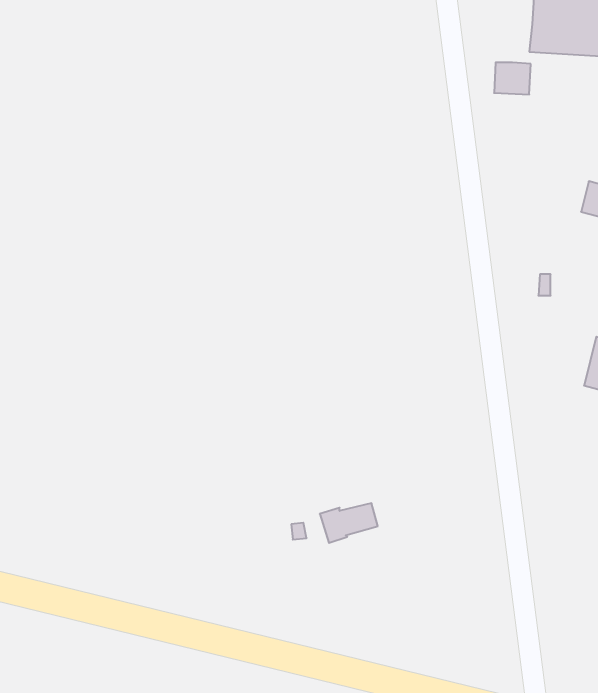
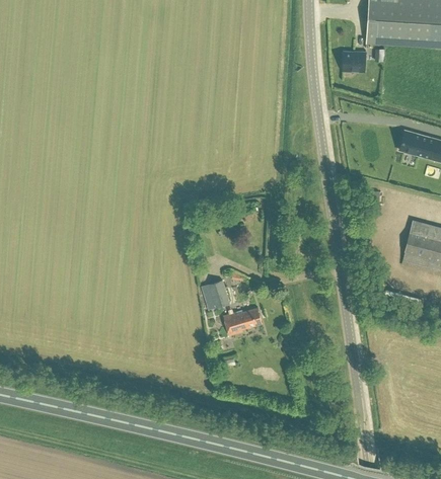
building: none -> [202,280,230,310]
building: [320,503,378,543] -> [221,307,260,333]

